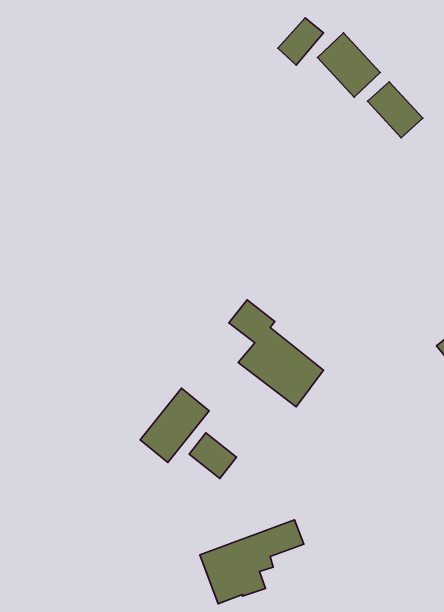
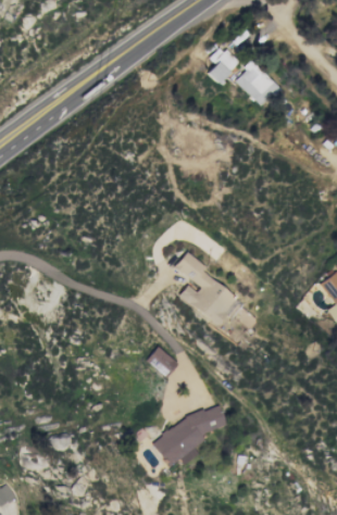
building: [368,82,423,138] -> none
building: [140,388,209,463] -> none

